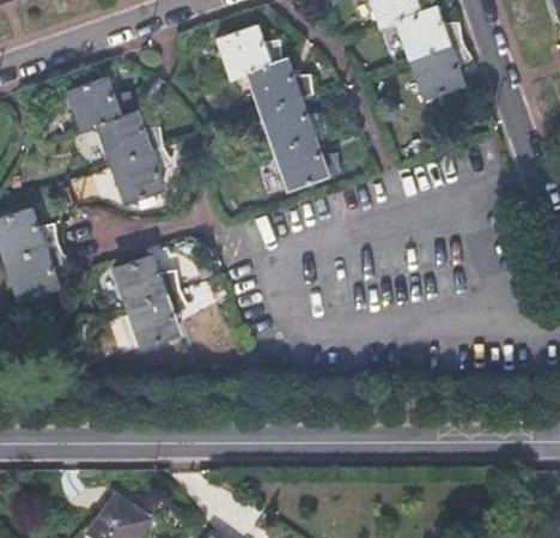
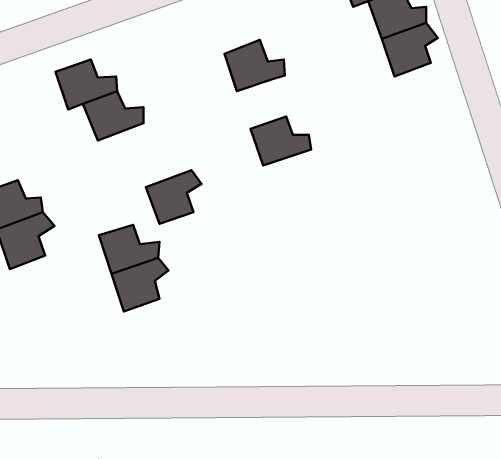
building: [219,25,282,78] -> none
building: [258,99,323,152] -> none
building: [112,146,171,202] -> [146,170,202,224]

